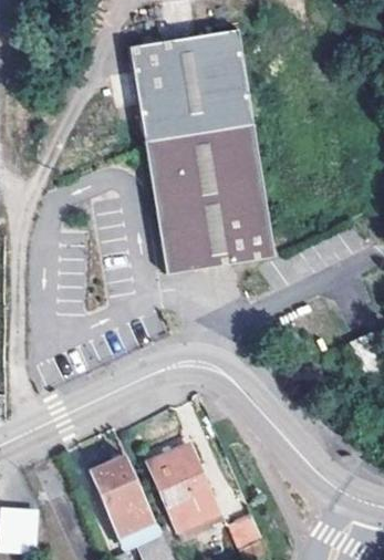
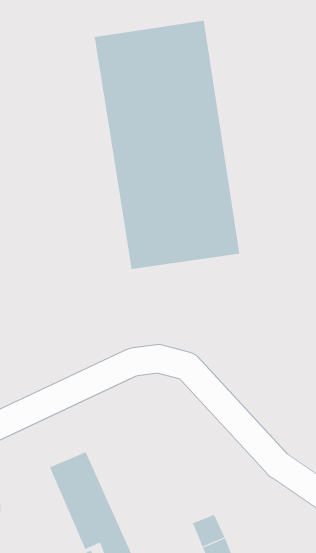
building: [145,443,221,540] -> none

